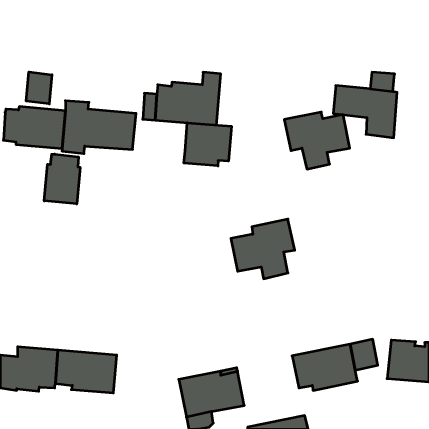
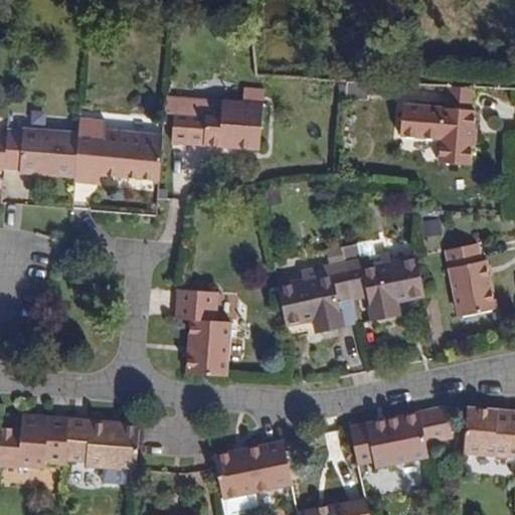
building: [26,72,52,104] -> none
building: [284,112,350,169] -> [345,253,423,322]
building: [184,123,231,166] -> none
building: [44,154,80,204] -> none
building: none -> [446,242,497,317]
building: none -> [175,290,231,376]

